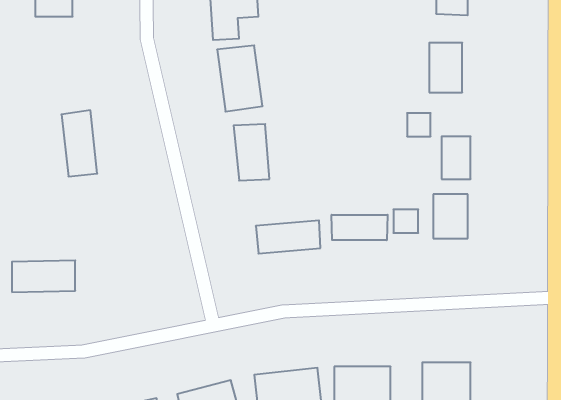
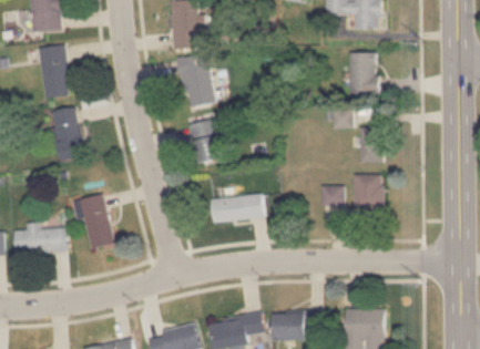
building: none -> [40,45,69,97]
building: [332,215,388,240] -> none
building: none -> [71,194,111,248]

